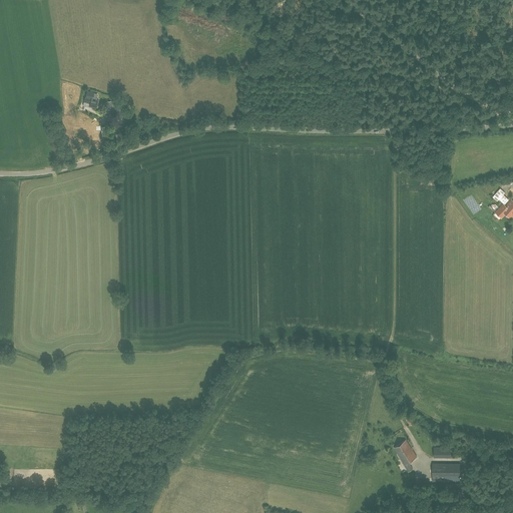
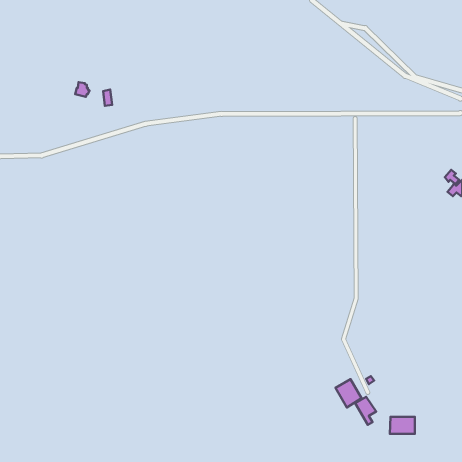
building: none -> [335,379,361,408]

